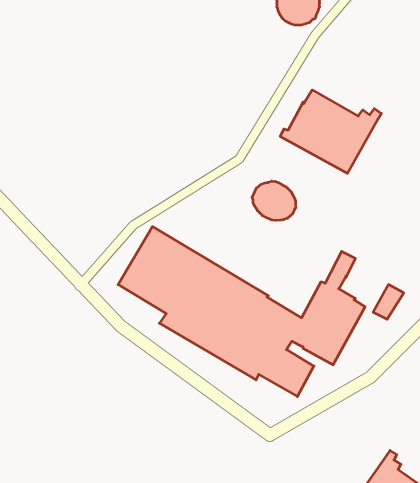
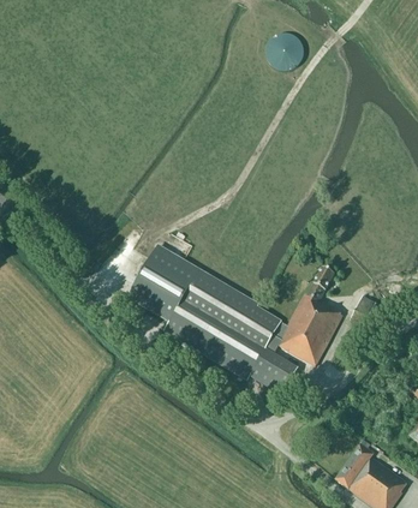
building: [280,90,381,173] -> none
building: [252,181,296,220] -> none

